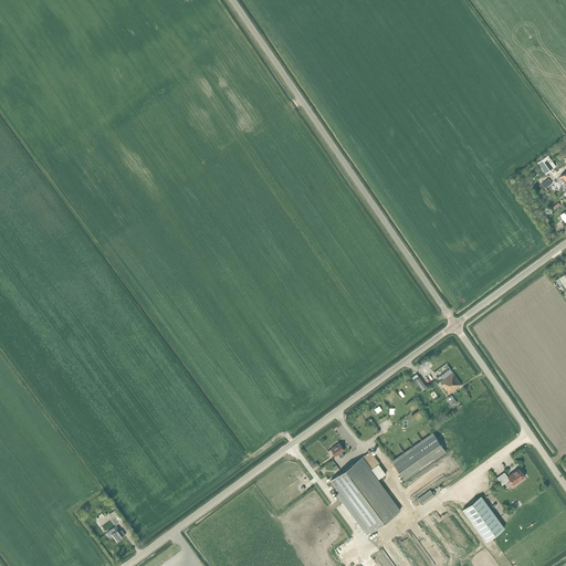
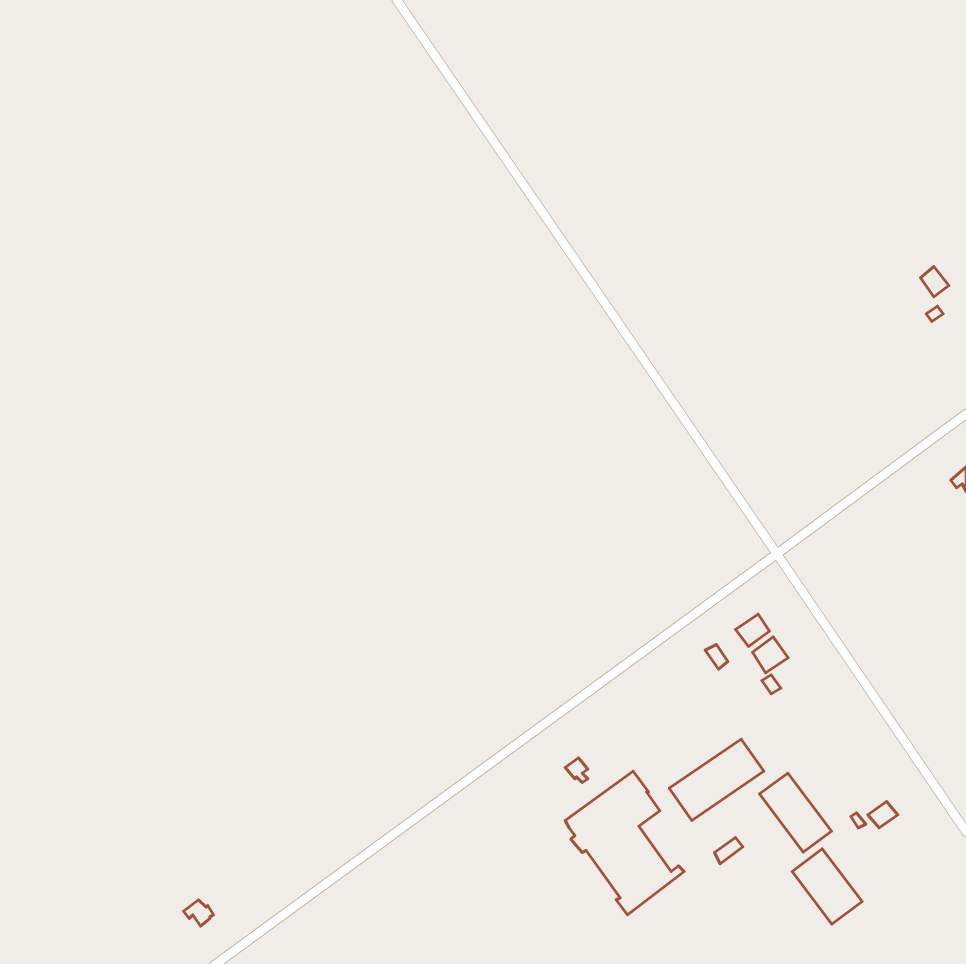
building: none -> [759,773,831,852]

